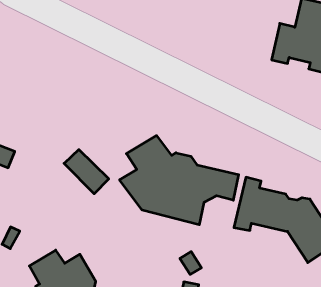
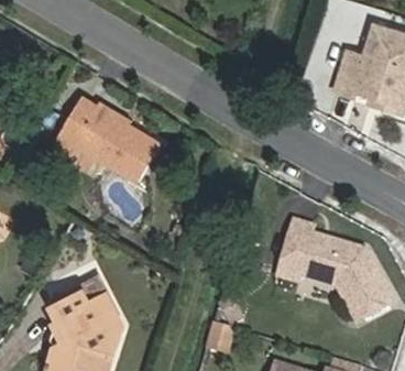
building: none -> [52,100,157,182]
building: [120,136,239,225] -> none

